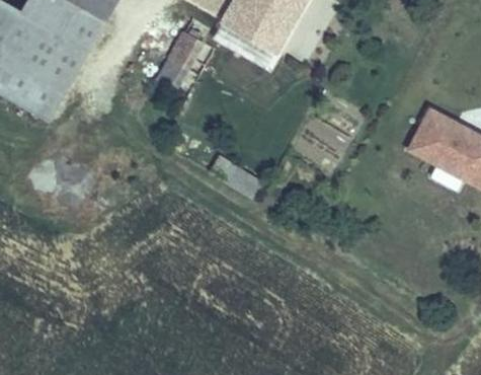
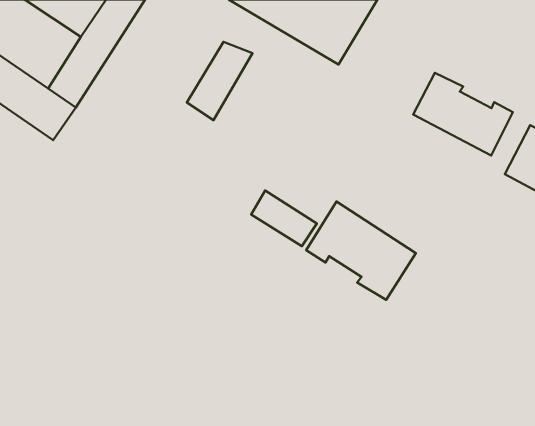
building: none -> [413,73,513,156]
building: none -> [306,201,416,300]

